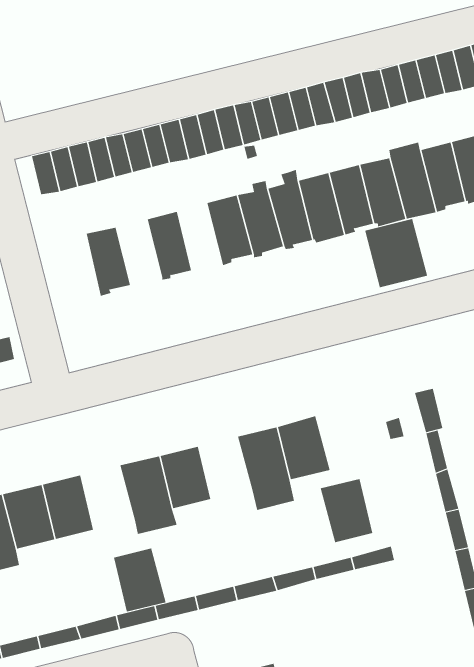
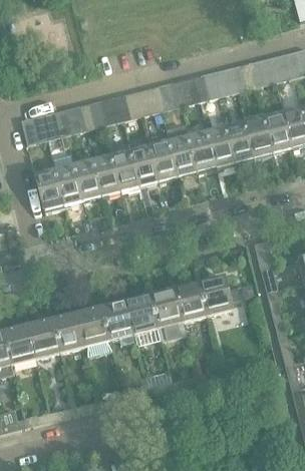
building: none -> [110,142,140,192]
building: [364,218,428,288] -> none
building: none -> [74,158,102,201]
building: none -> [35,167,64,211]
building: none -> [125,294,159,333]
building: [320,479,373,543] -> [199,275,232,315]
building: [113,548,166,612] -> [52,312,85,352]

